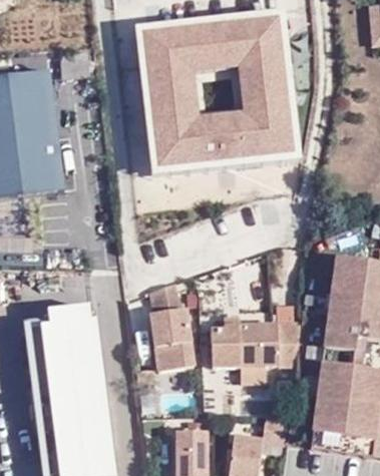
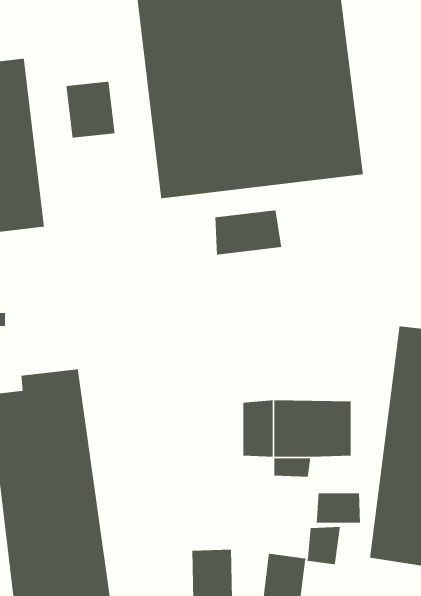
building: none -> [66,81,115,138]
building: none -> [215,210,282,255]
building: [149,284,193,370] -> none
building: none -> [316,492,361,524]

